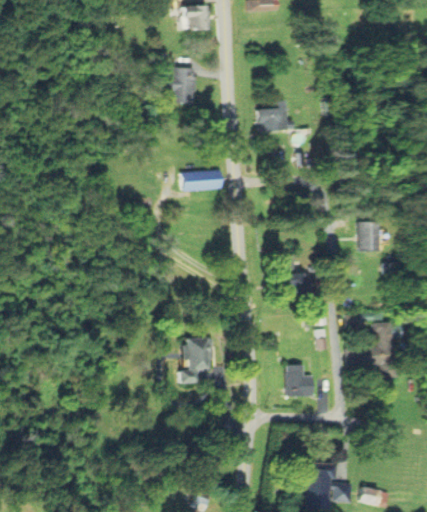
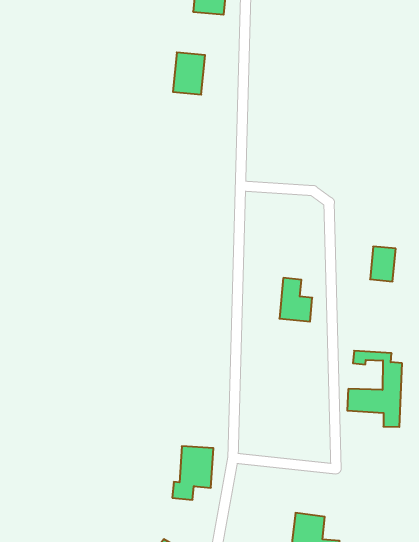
building: [257,107,287,131] -> none
building: [180,170,220,190] -> none
building: [179,337,212,384] -> [172,446,213,500]
building: [287,365,315,397] -> none

